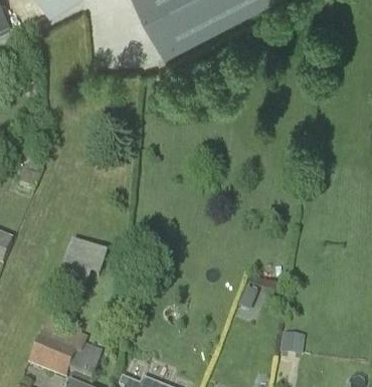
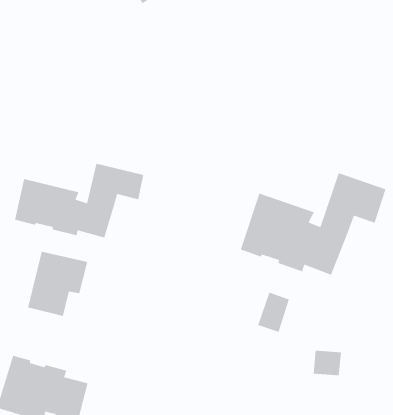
building: none -> [14,163,144,238]
building: none -> [240,172,387,276]

